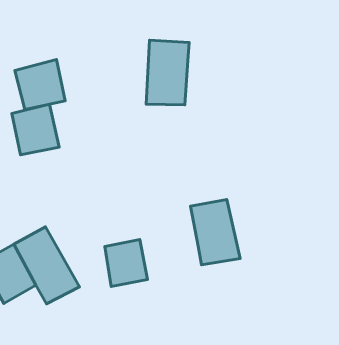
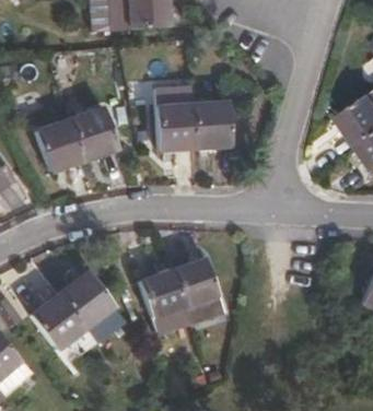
building: none -> [190,103,232,145]
building: [12,104,59,155] -> [72,108,119,157]
building: [191,199,240,265] -> [171,261,222,324]

